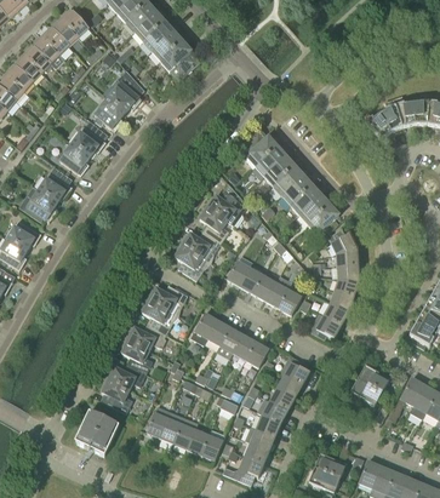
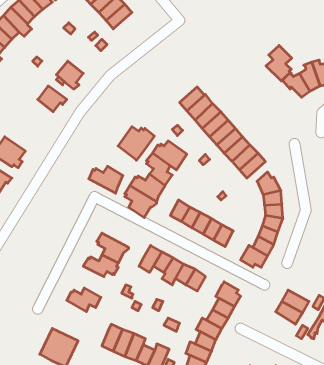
building: [160,40,199,79] -> none
building: [107,69,142,111] -> none
building: none -> [266,45,292,81]
building: [58,142,90,174] -> none
building: [38,172,72,202] -> none
building: none -> [118,127,154,160]
building: [147,284,187,315] -> [89,166,123,193]
building: [120,337,153,373] -> none
building: [101,377,132,412] -> none

